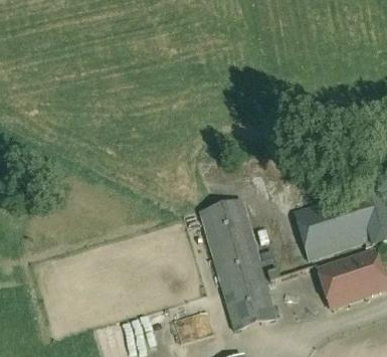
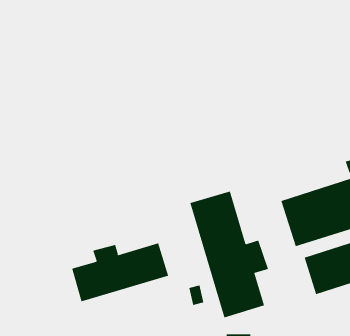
building: none -> [71,243,169,302]

